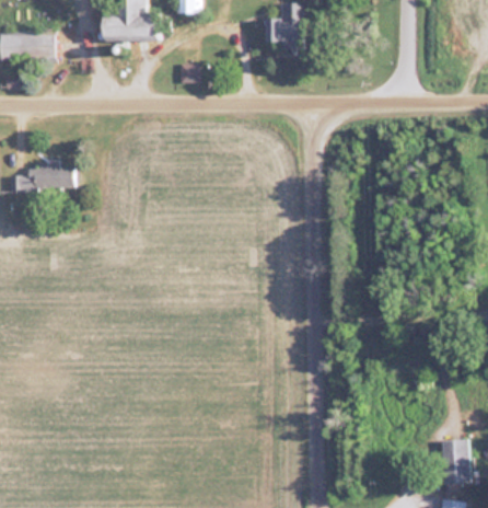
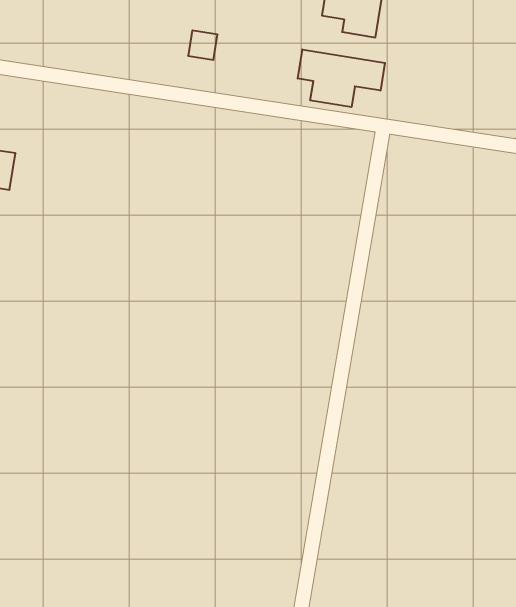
building: none -> [298,49,385,107]

